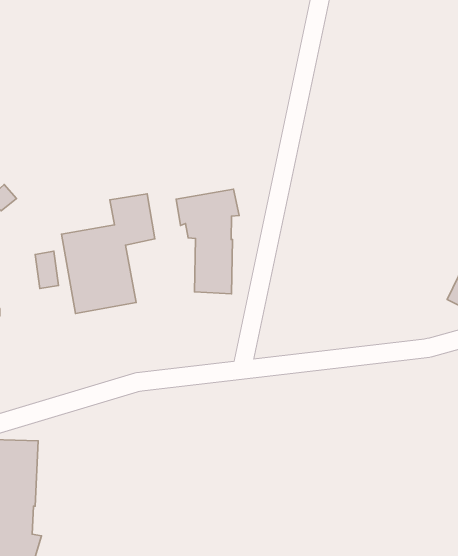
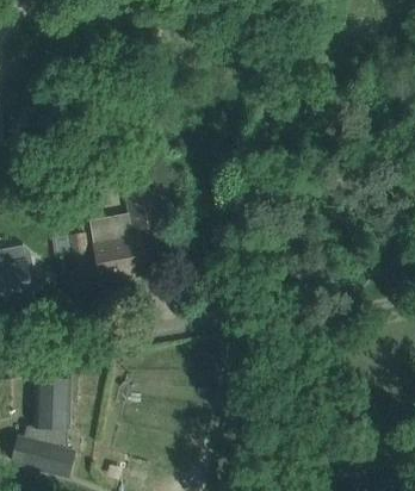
building: [176,189,239,294] -> none

